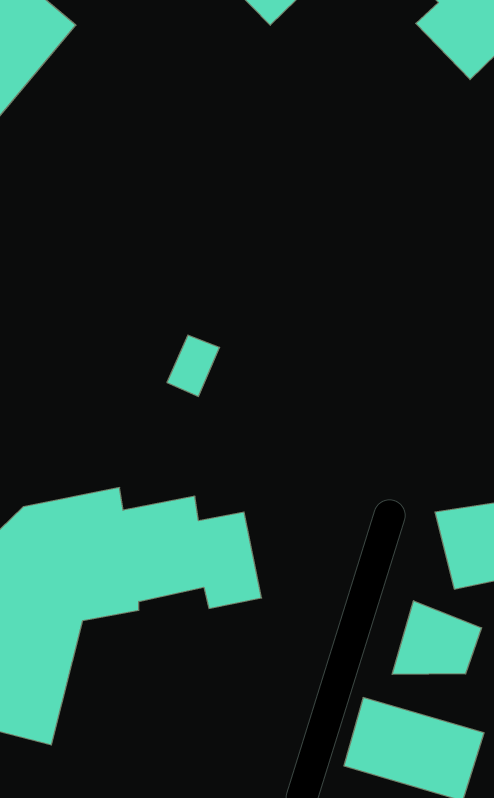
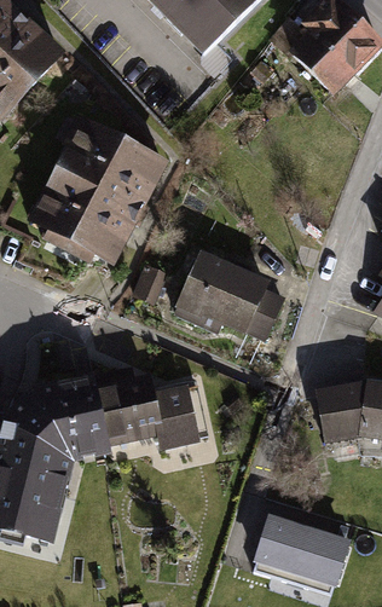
building: none -> [27,121,162,264]
building: none -> [178,250,283,342]
building: [392,601,482,674] -> none

